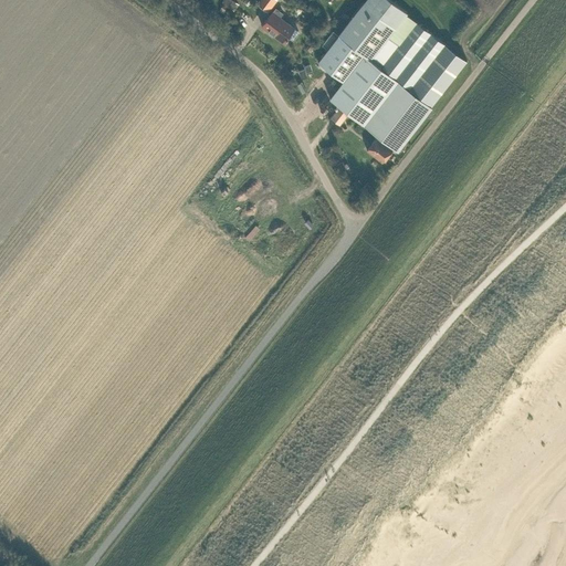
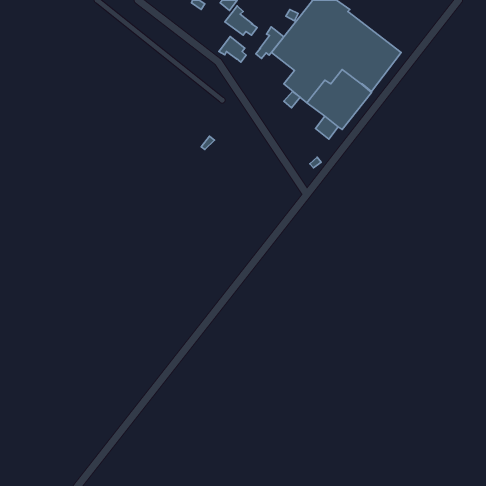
building: none -> [256,27,284,58]
building: none -> [219,37,246,62]

